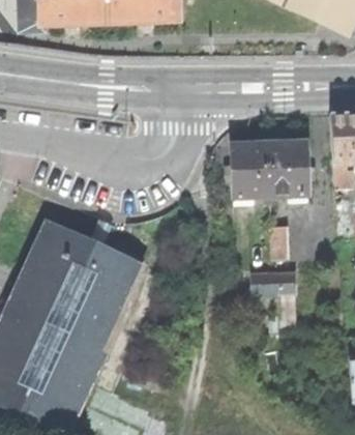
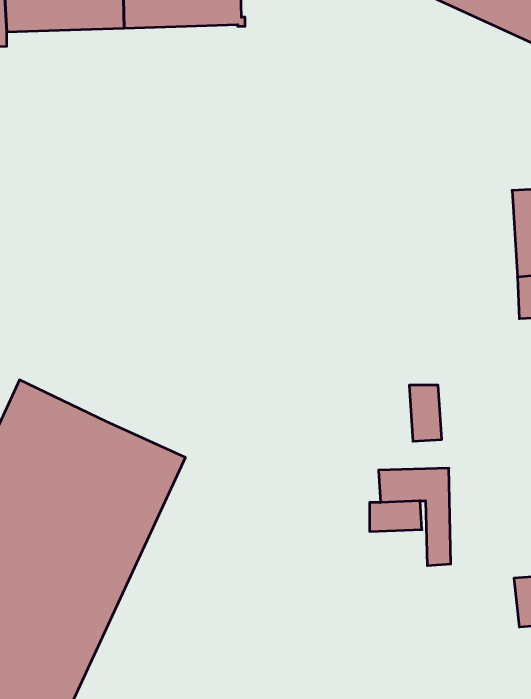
building: [233,140,306,193] -> none

